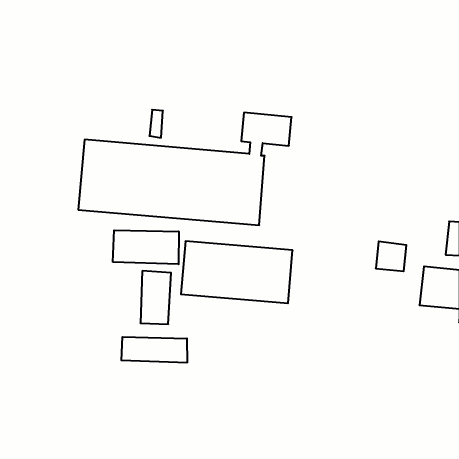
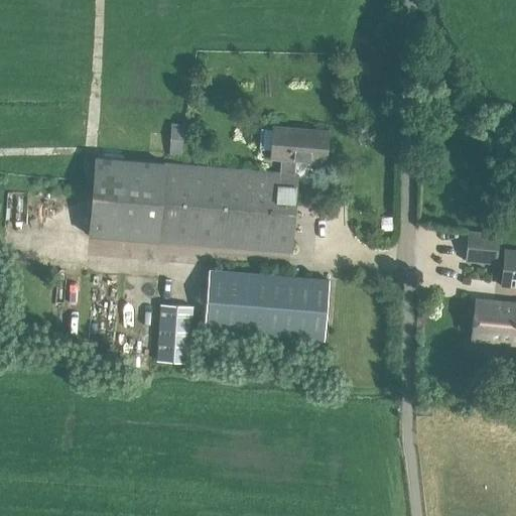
building: [113,230,179,264] -> none
building: [376,241,406,271] -> [464,231,498,264]
building: [121,337,187,363] -> none

